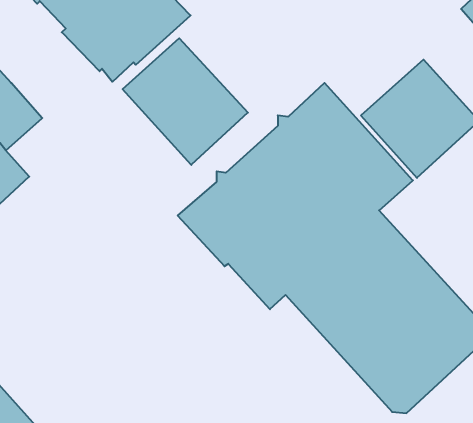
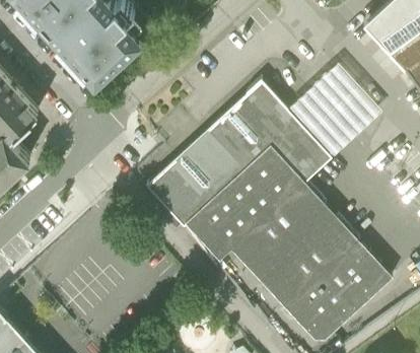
building: [123,38,248,165] -> none

